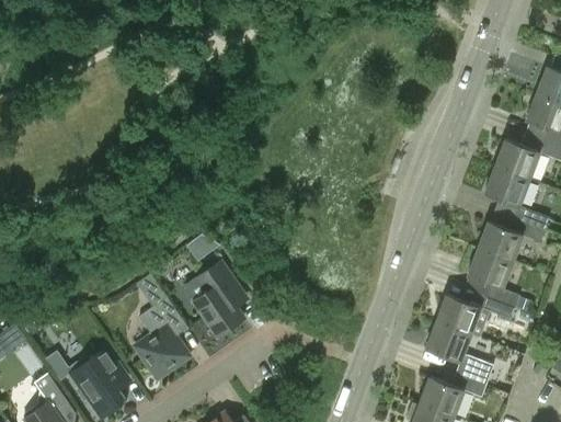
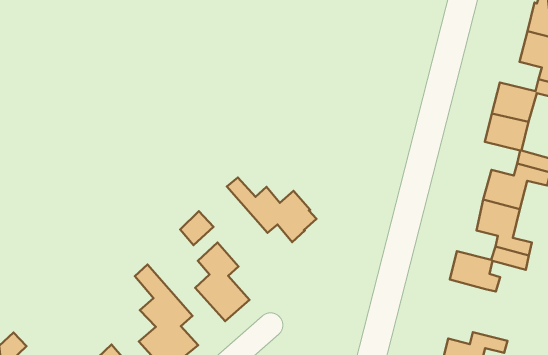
building: none -> [227,178,316,242]
building: [425,321,492,386] -> none

